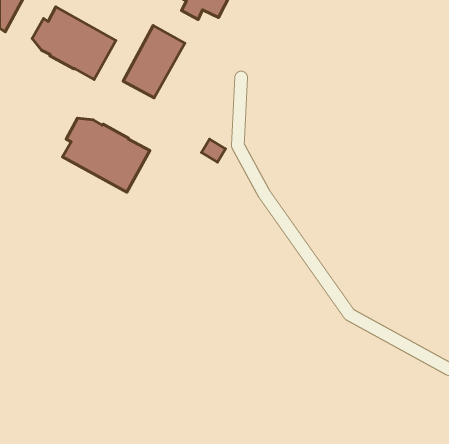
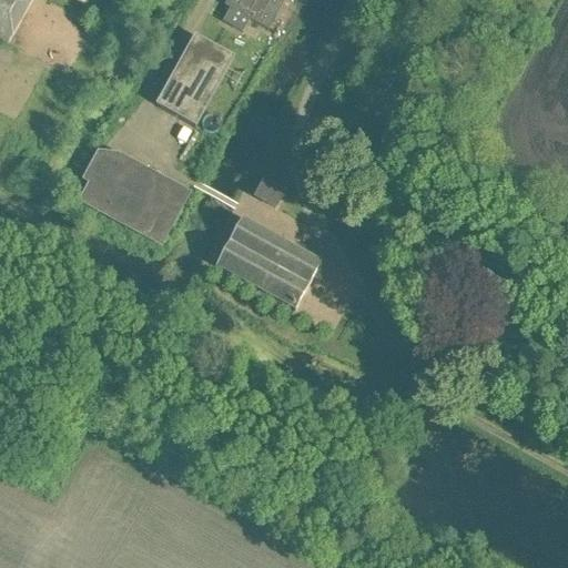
building: [32,7,116,80] -> none
building: none -> [215,216,320,306]

